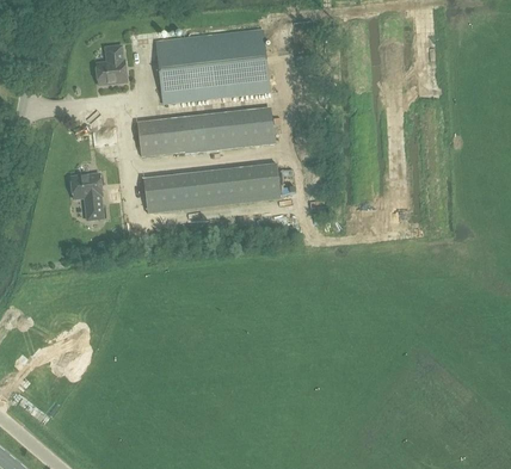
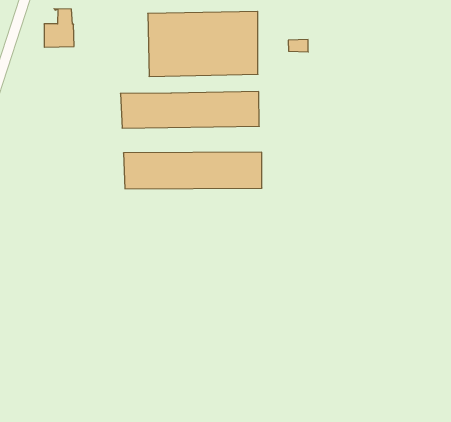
building: [96,45,127,85] -> [44,9,74,47]
building: [70,173,103,220] -> none

